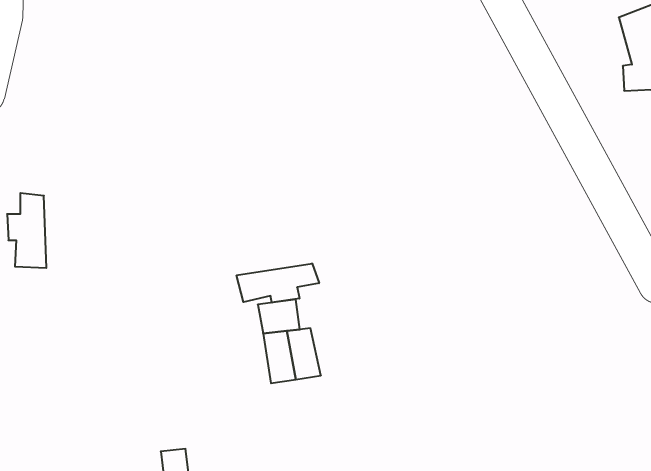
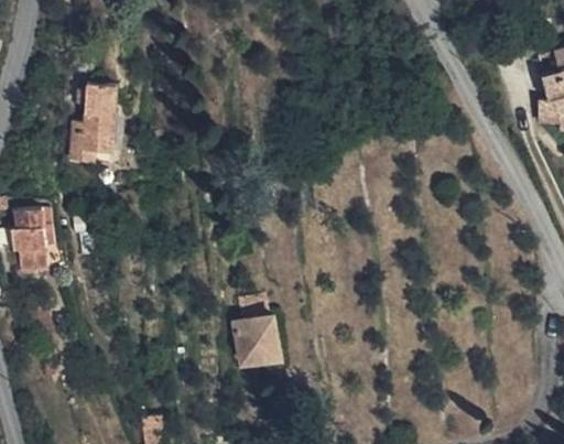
building: none -> [68,84,112,163]
building: [237,263,319,303] -> none

